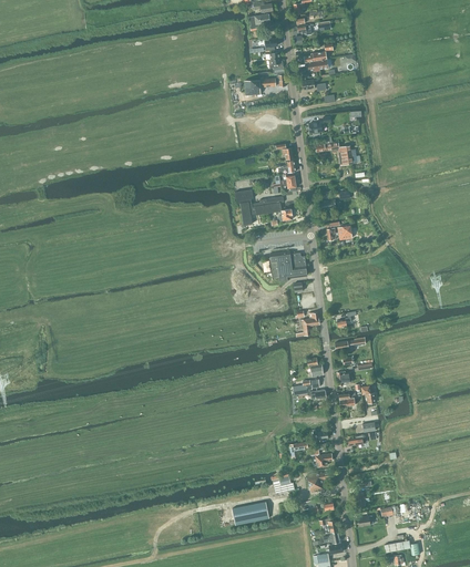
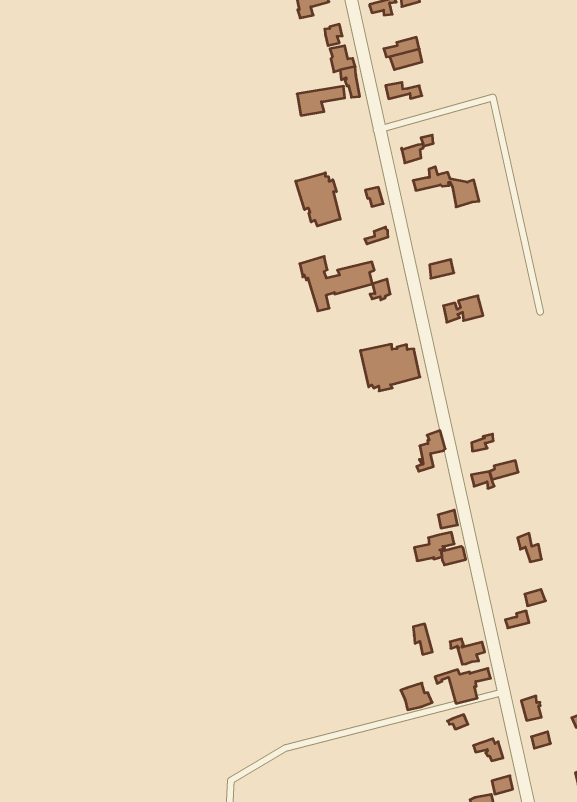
building: none -> [296,173,340,226]
building: [232,502,269,525] -> none

